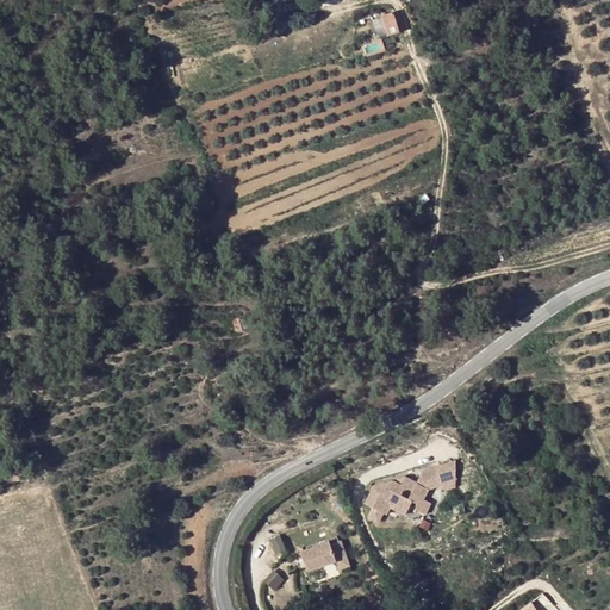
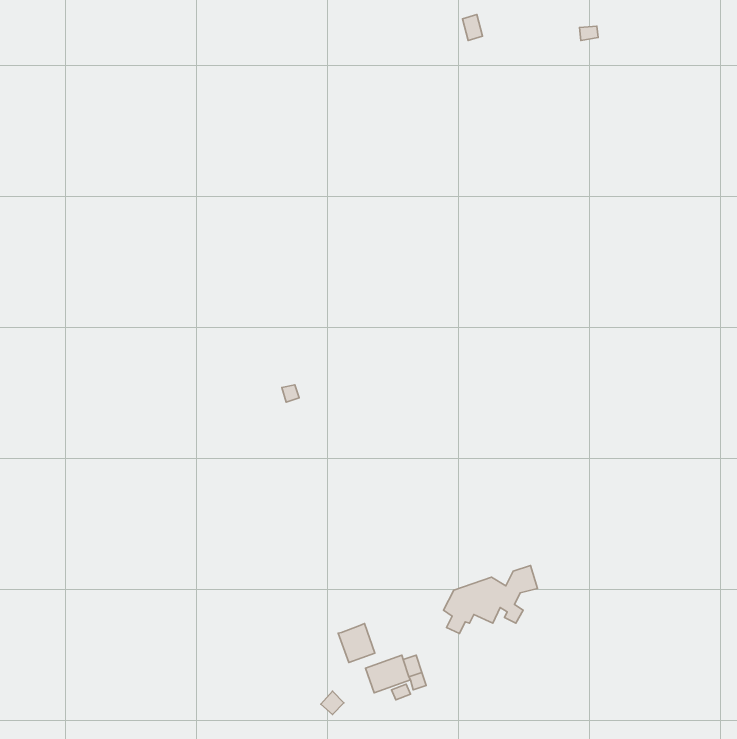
building: none -> [338,624,375,663]

